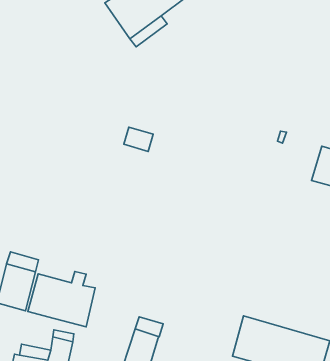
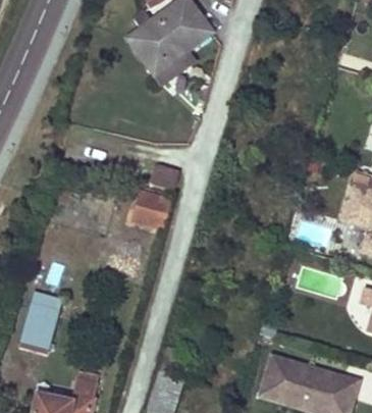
building: none -> [132,189,172,228]
building: [28,272,95,327] -> none

